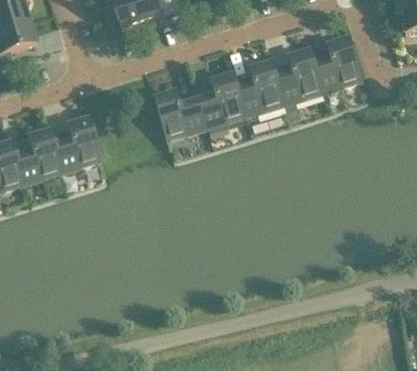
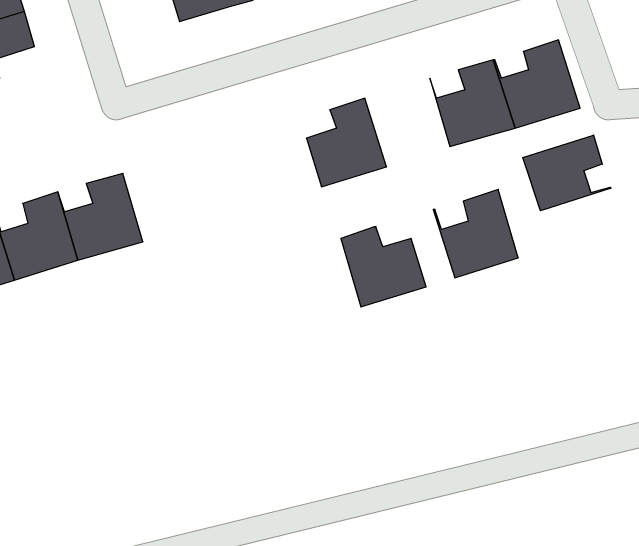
building: [232,61,283,115] -> [433,189,518,278]
building: [155,90,206,139] -> [341,227,426,307]
building: none -> [523,135,611,211]

